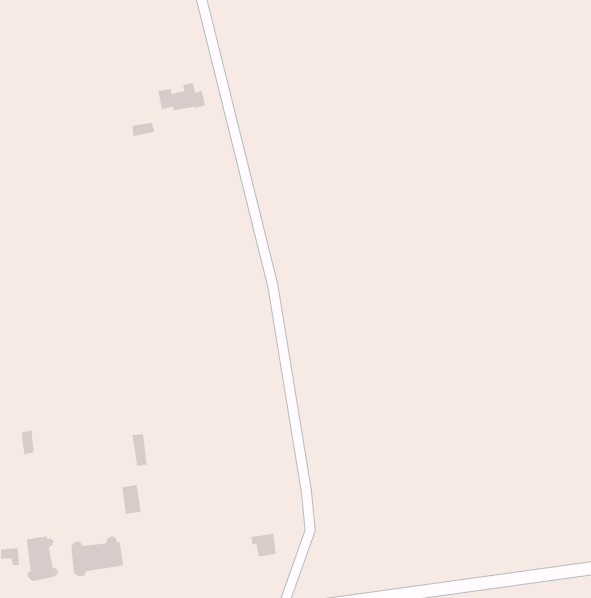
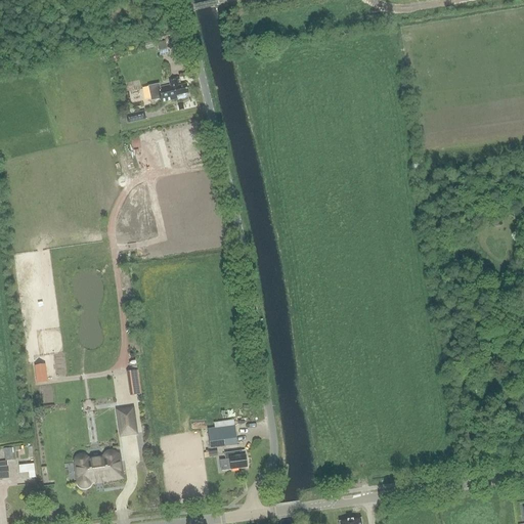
building: none -> [207,424,236,446]
building: [26,535,58,582] -> none

